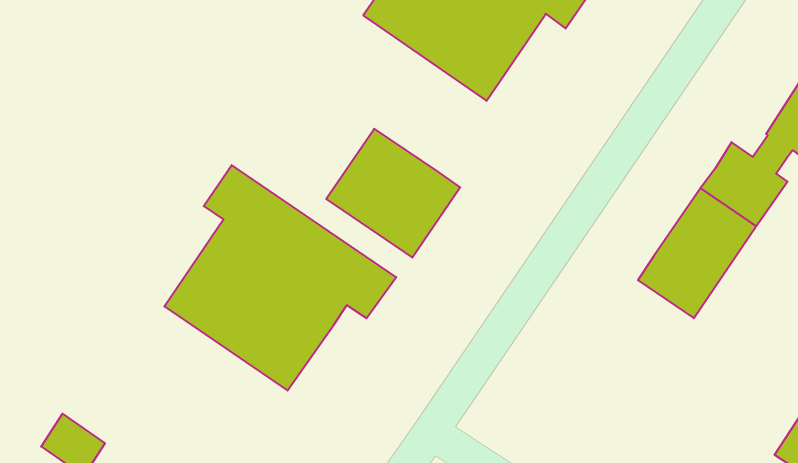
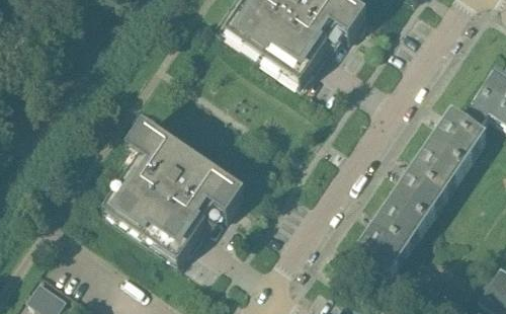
building: [326,129,460,258] -> none
building: none -> [355,192,428,272]

